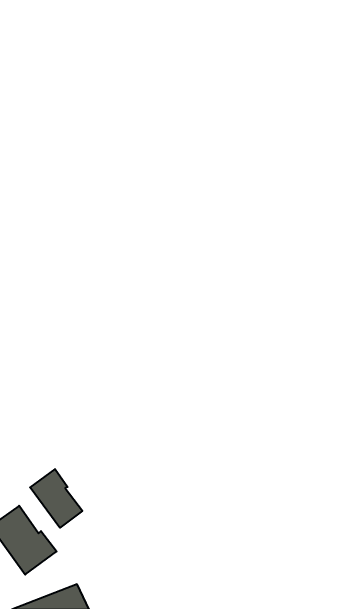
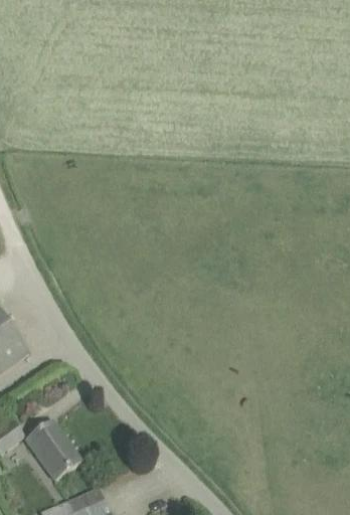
building: [30,469,82,528] -> none

